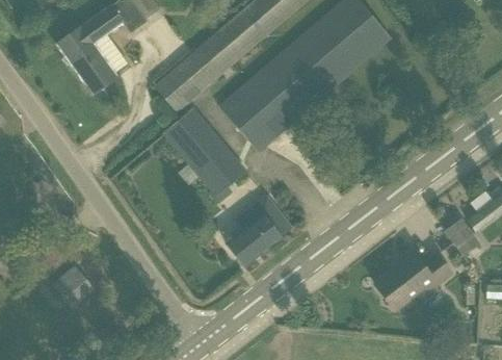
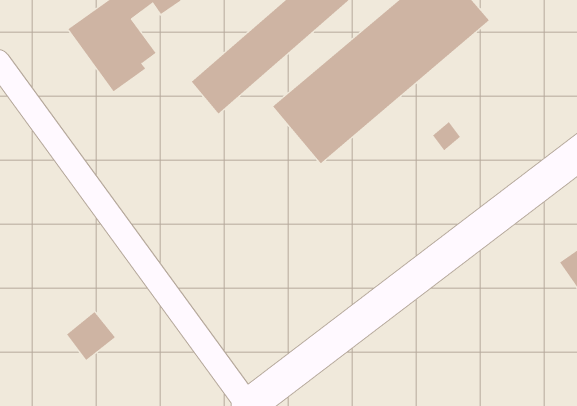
building: [162,106,246,197] -> none
building: [226,195,292,266] -> none
building: [375,251,453,312] -> none

